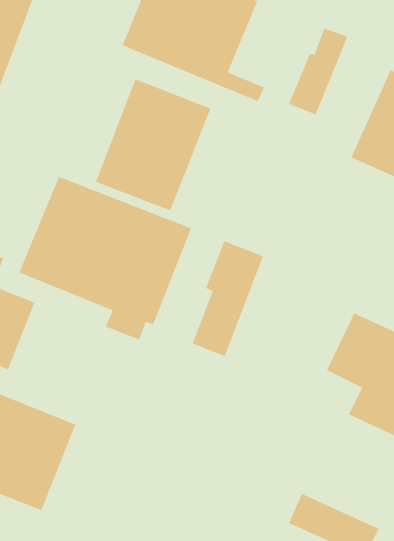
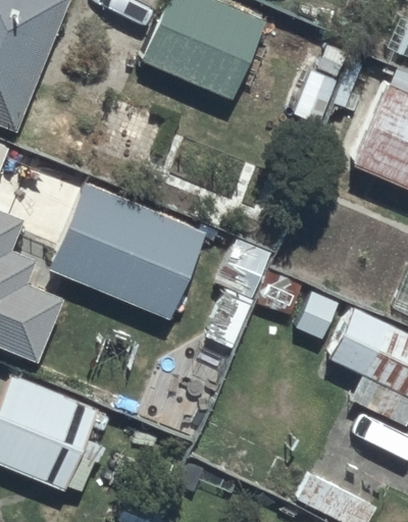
building: [95,78,211,211] -> none

